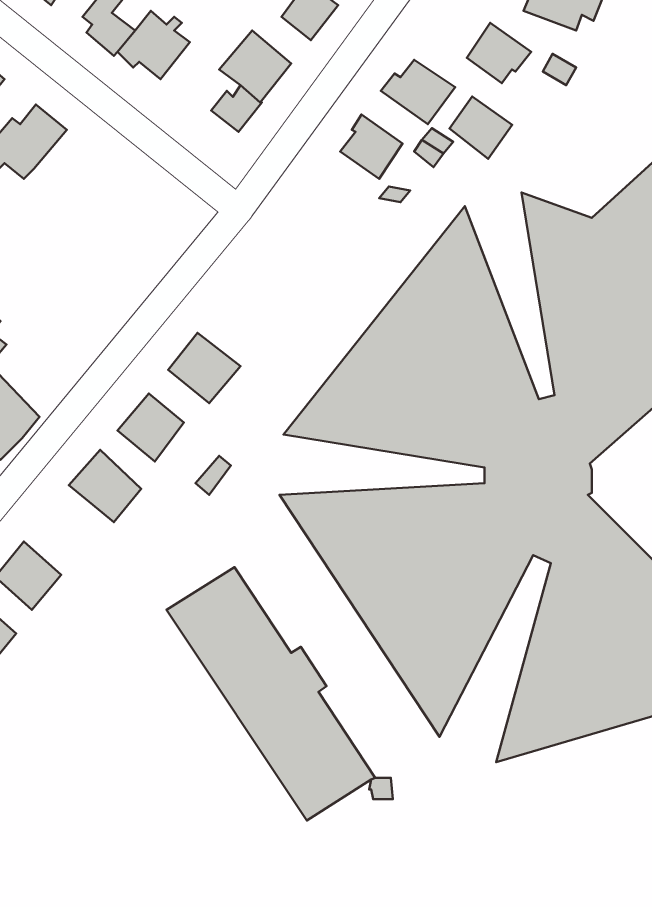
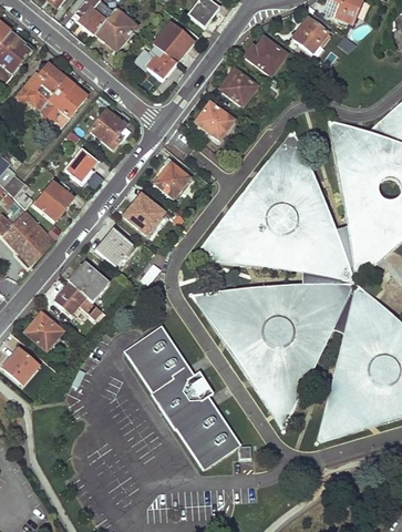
building: [449,97,512,159] -> none
building: none -> [49,79,89,129]
building: none -> [196,103,234,140]
building: none -> [91,111,127,150]
building: none -> [65,150,97,185]
building: none -> [155,160,192,200]
building: none -> [35,183,73,222]
building: none -> [55,280,87,313]

